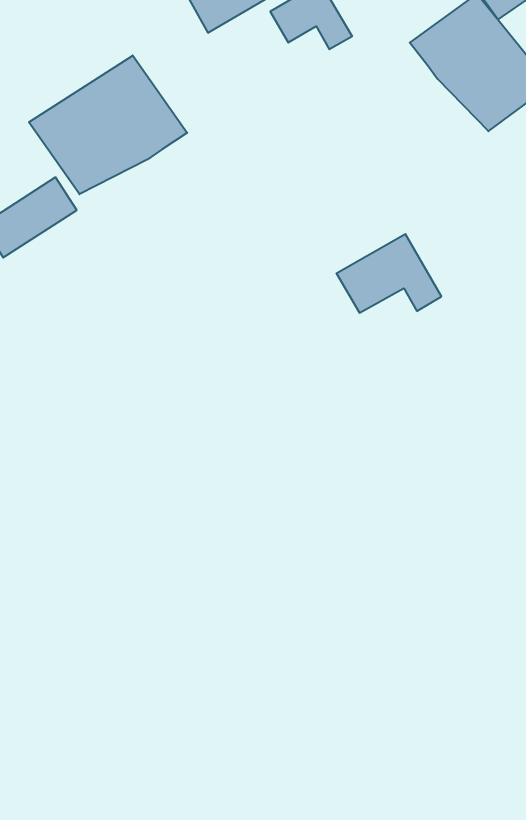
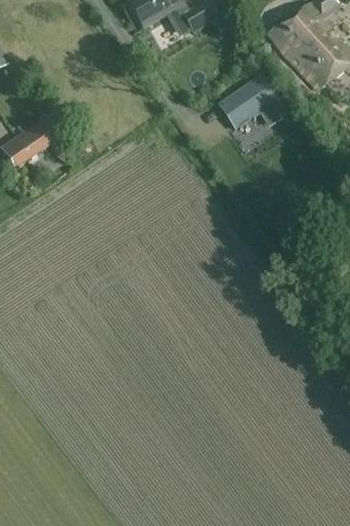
building: [29,55,187,194] -> none
building: [336,234,441,313] -> [218,76,283,125]

